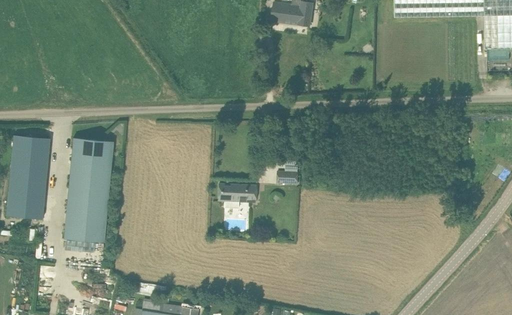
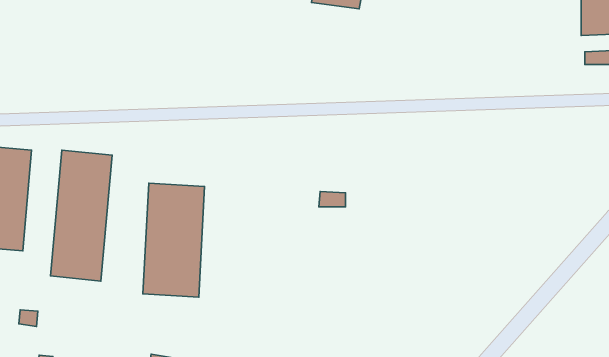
building: none -> [143,183,205,297]
building: [219,183,258,208] -> none

